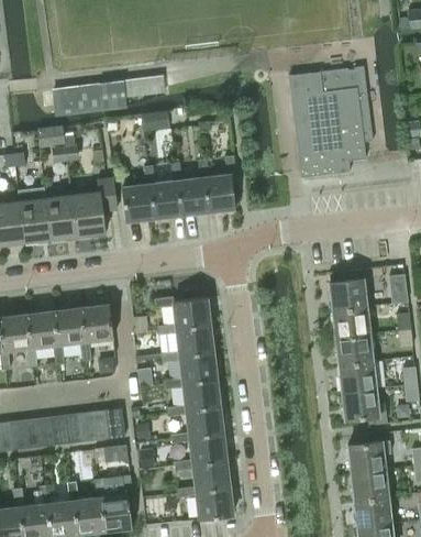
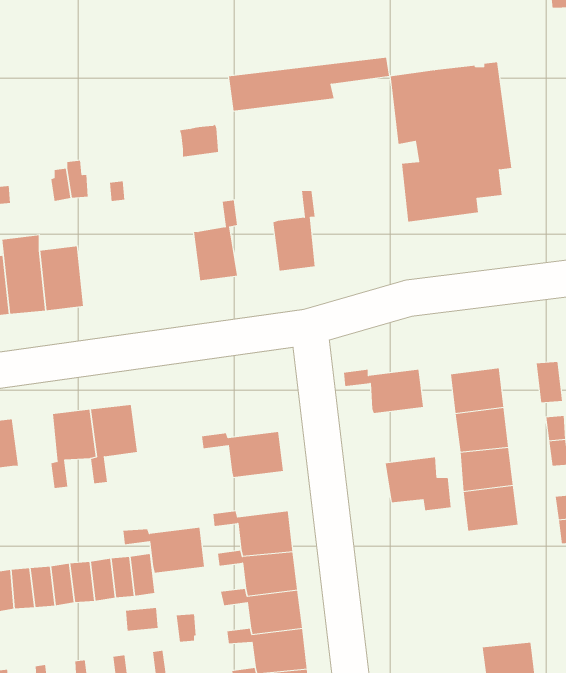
building: [53,78,165,116] -> [228,57,390,111]
building: [177,160,211,216] -> none
building: [122,166,156,222] -> none
building: [71,179,118,237] -> none
building: [155,297,211,328] -> [343,369,424,414]
building: [26,311,57,366] -> none
building: [160,351,218,383] -> [122,527,205,573]
building: [342,388,388,426] -> [385,457,452,511]
building: [348,440,392,473] -> none

